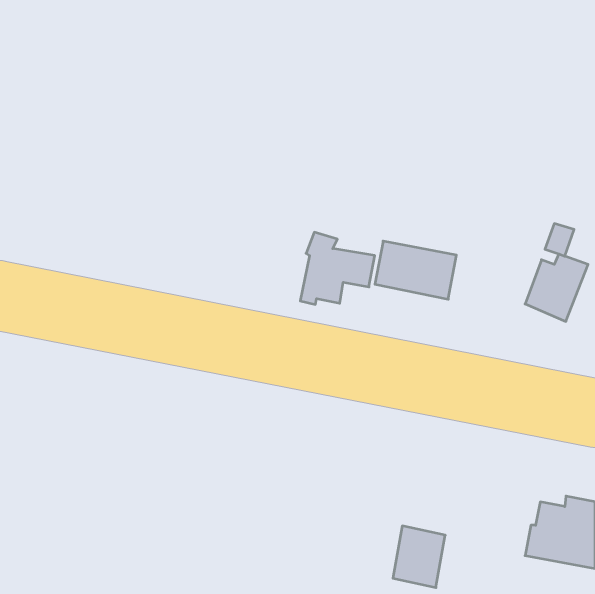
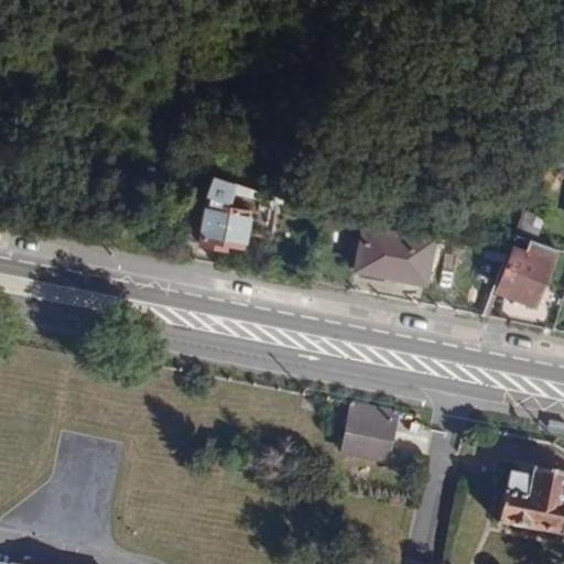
building: [300,232,375,304] -> [202,178,272,247]
building: [393,526,445,588] -> [343,405,392,464]

